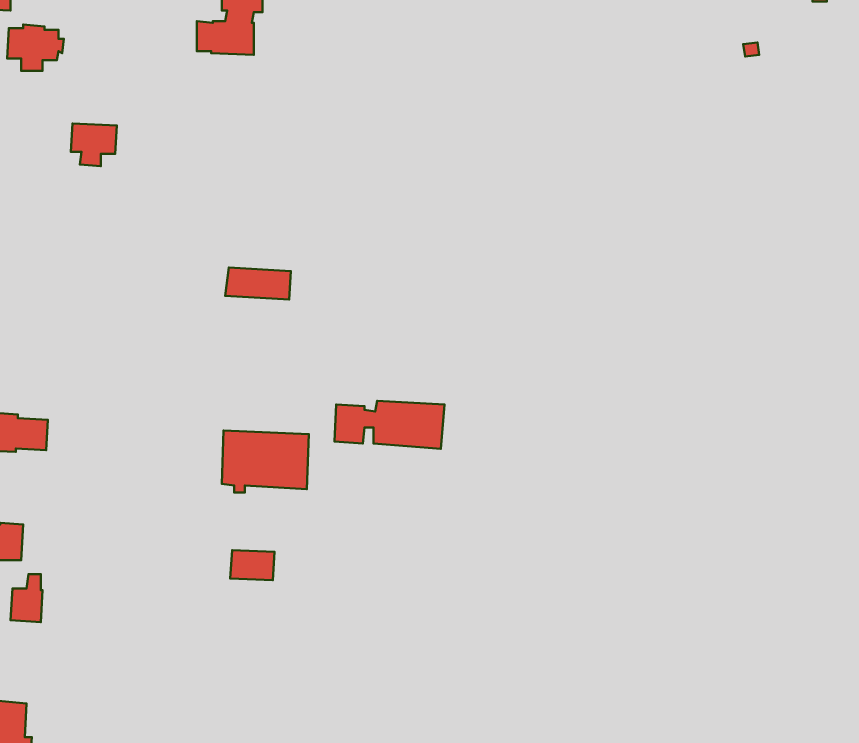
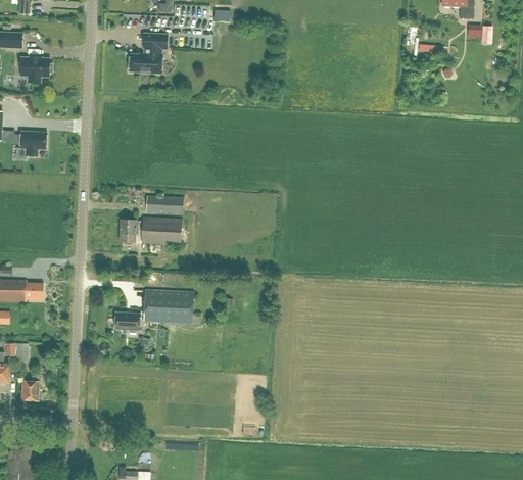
building: [71,124,117,166] -> [19,132,46,156]
building: [335,401,444,449] -> [118,218,182,245]
building: [230,550,275,580] -> [114,313,140,330]

